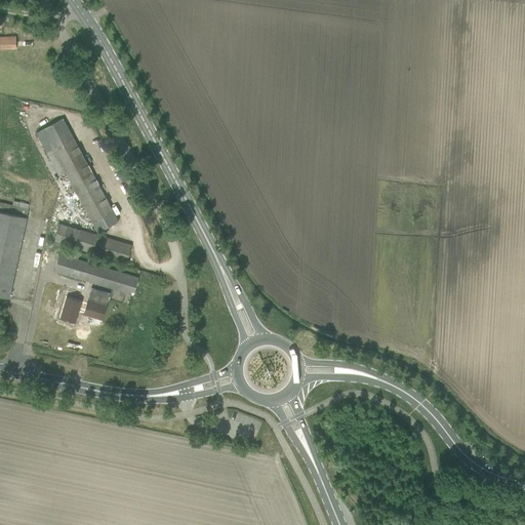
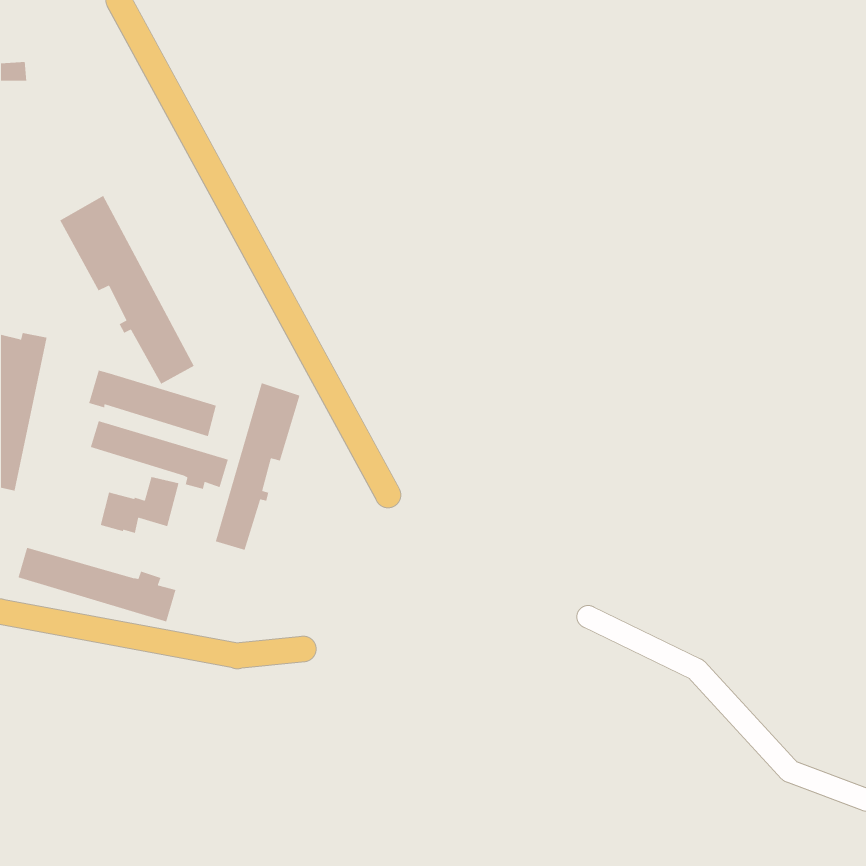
building: none -> [215,382,300,551]
building: none -> [18,547,177,622]

